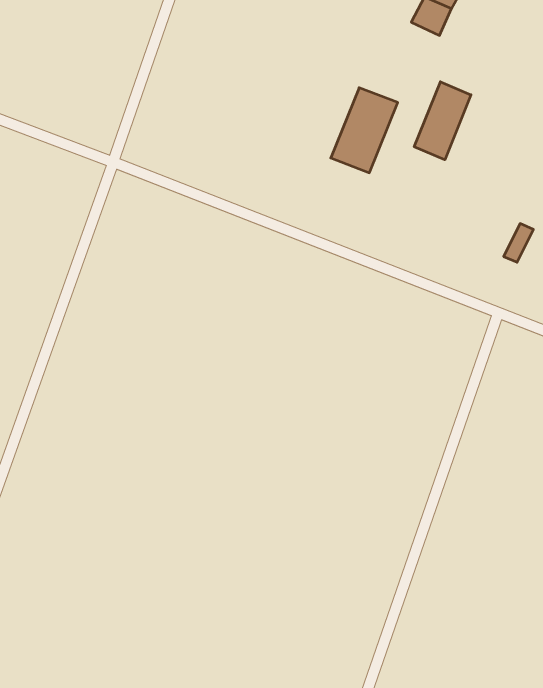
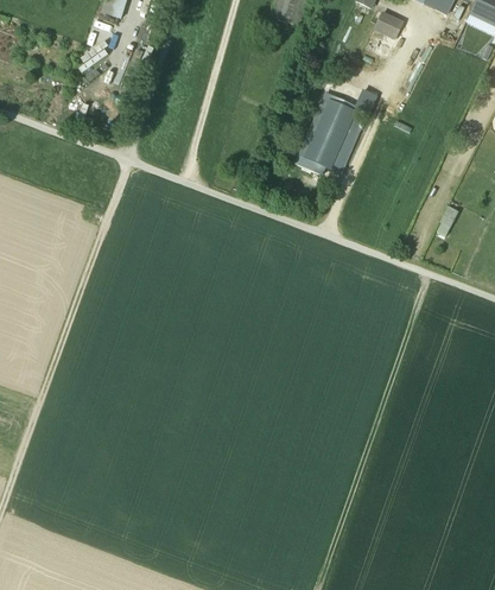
building: [414,82,471,160] -> none

